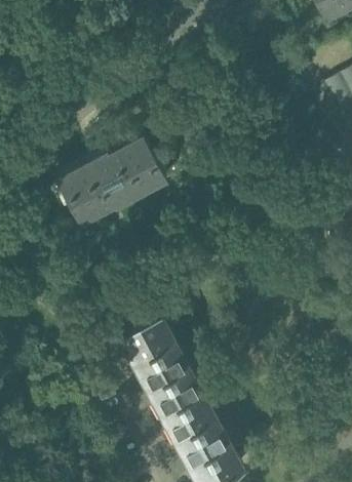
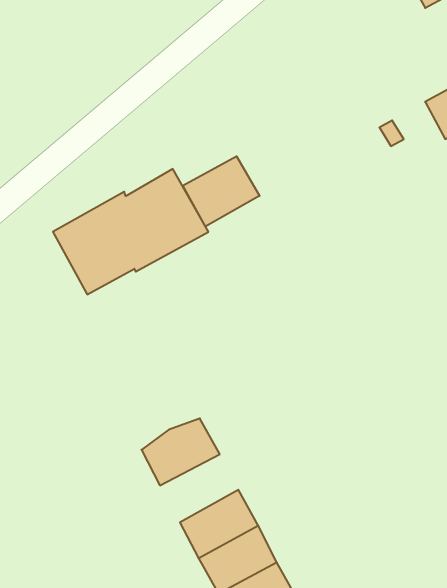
building: none -> [183,156,260,226]
building: [132,343,189,392] -> none

